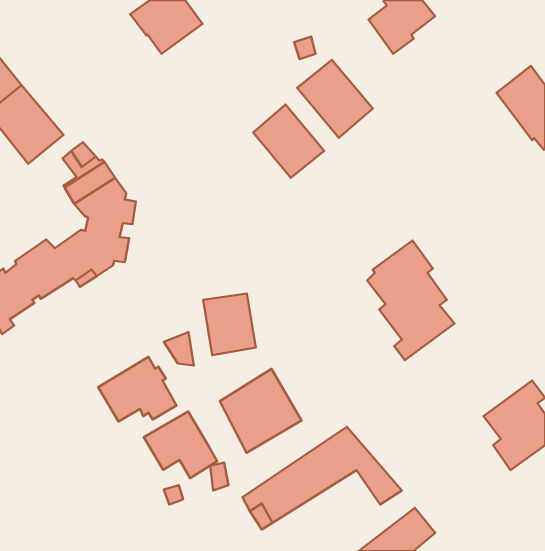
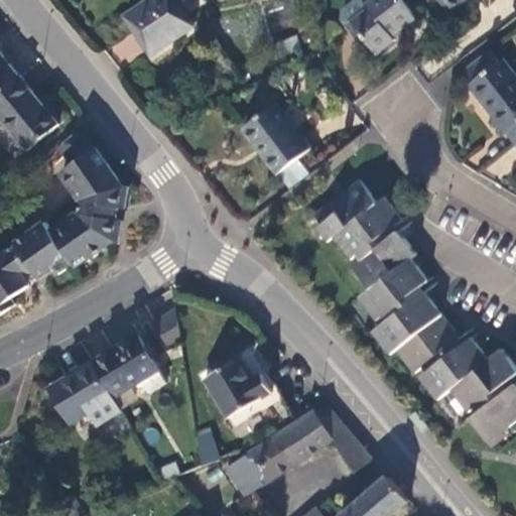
building: [297,60,373,138] -> none
building: none -> [304,176,392,252]
building: [203,293,256,355] -> none
building: none -> [379,302,498,393]
building: [144,411,217,478] -> [50,362,119,424]

